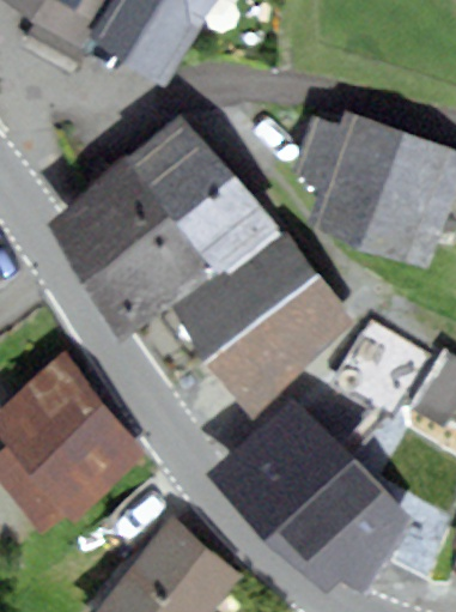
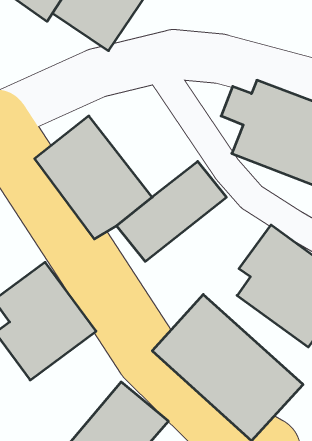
building: [127,116,273,273] -> none
building: [202,273,354,414] -> none

